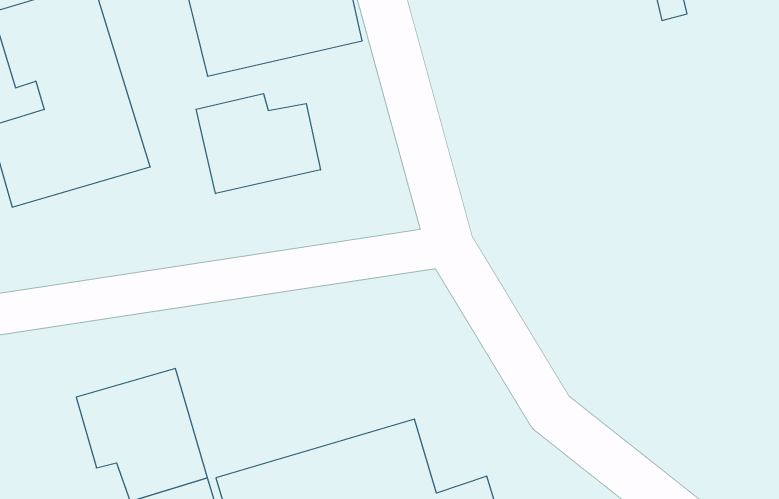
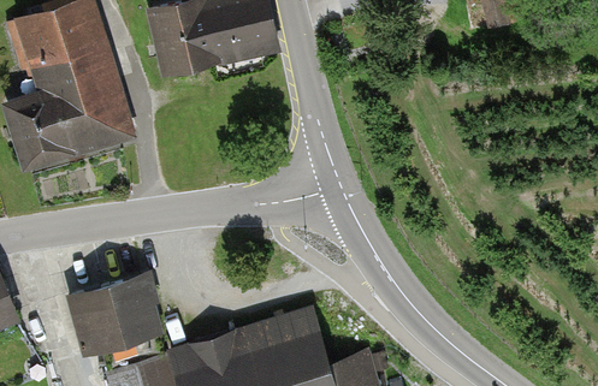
building: [196,94,320,194] -> none

